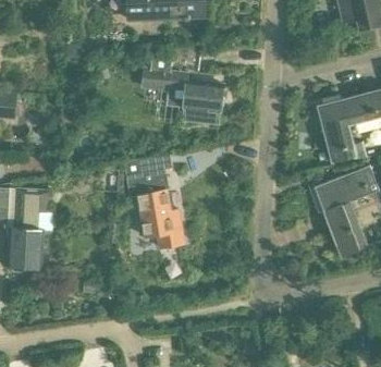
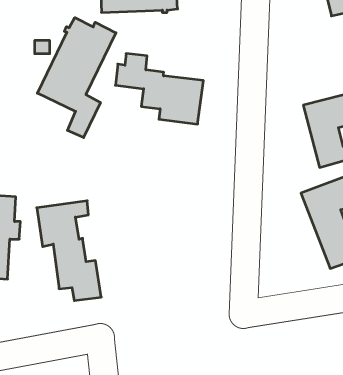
building: none -> [37,18,116,138]
building: [123,154,183,246] -> [37,201,101,301]

